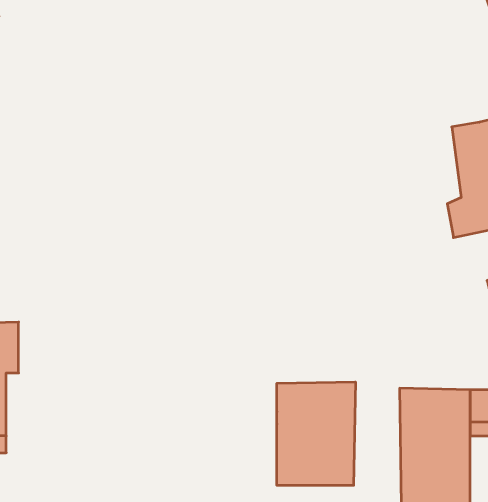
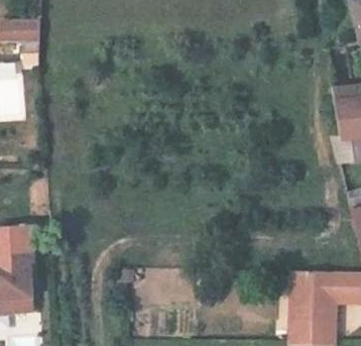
building: [277,382,355,485] -> none

